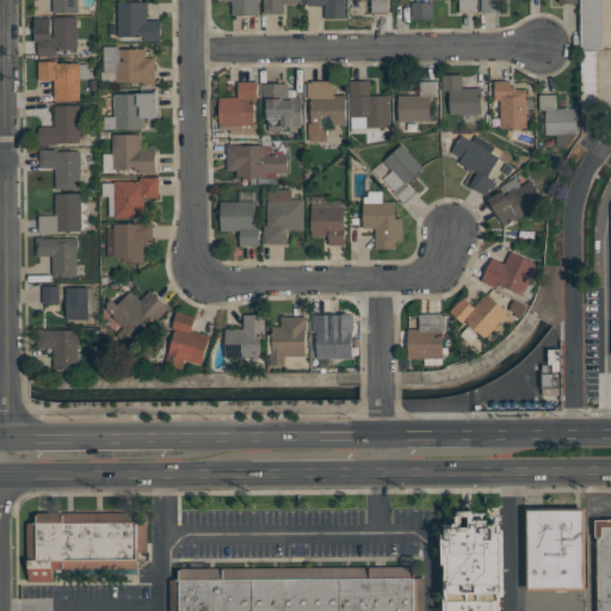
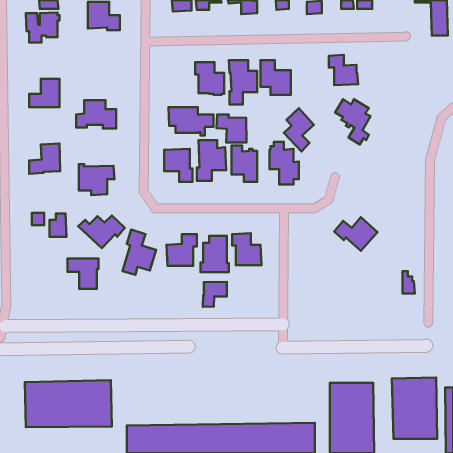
building: [103,45,155,82] -> none
building: [38,61,90,100] -> none
building: [494,80,526,128] -> none
building: [221,81,258,125] -> none
building: [397,81,437,121] -> none
building: [104,93,158,129] -> none
building: [539,93,579,135] -> none
building: [39,148,80,189] -> none
building: none -> [217,114,246,142]
building: [103,177,159,221] -> none
building: [488,177,548,226] -> none
building: [36,237,79,276] -> none
building: [481,251,538,298] -> none
building: [407,314,449,364] -> none
building: [38,329,80,370] -> [67,259,99,289]
building: none -> [203,282,227,307]

